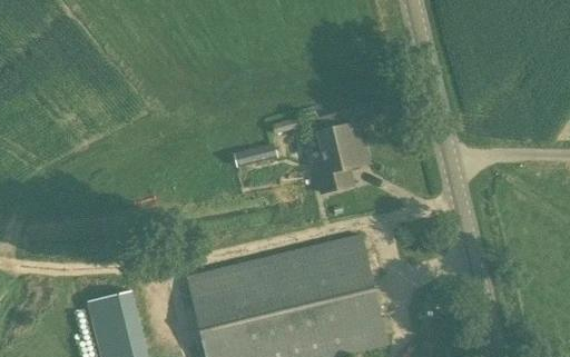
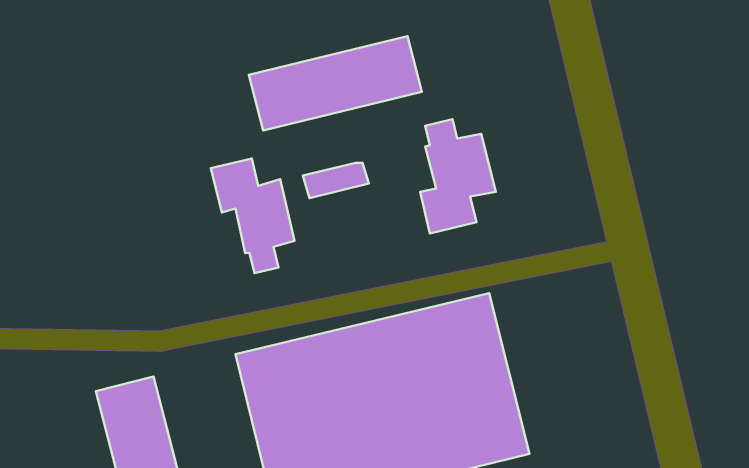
building: none -> [249,36,422,131]
building: none -> [211,158,294,273]

